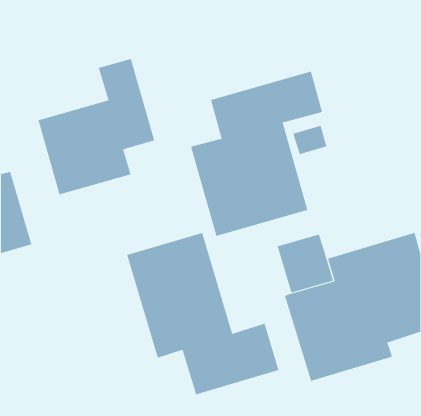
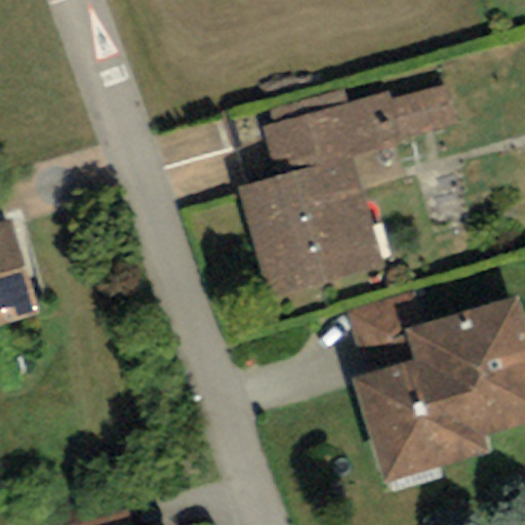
building: [38,58,155,195] -> none
building: [127,232,279,395] -> none

